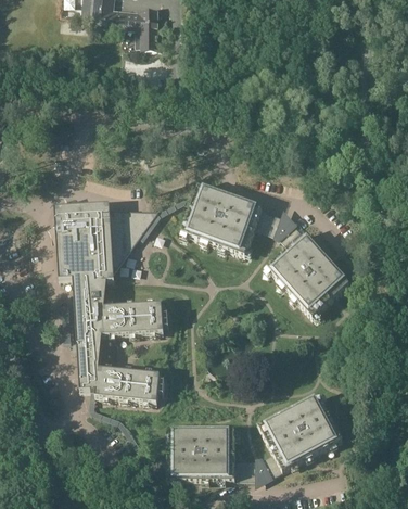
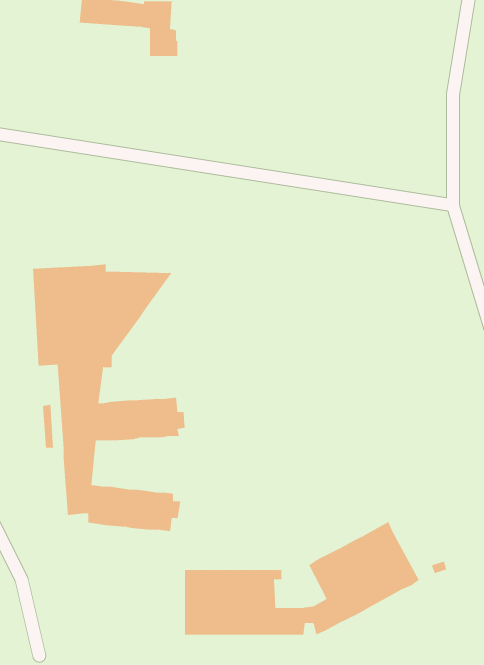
building: [181,183,348,315] -> none

